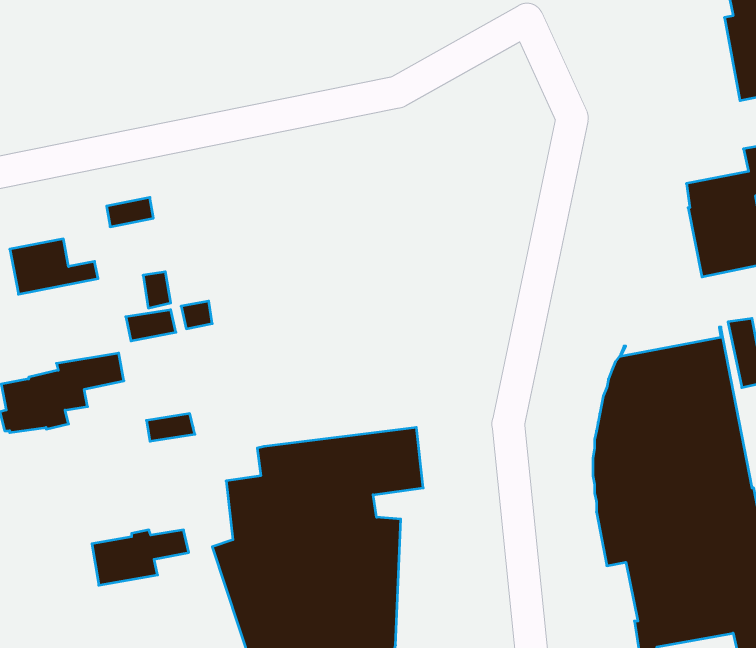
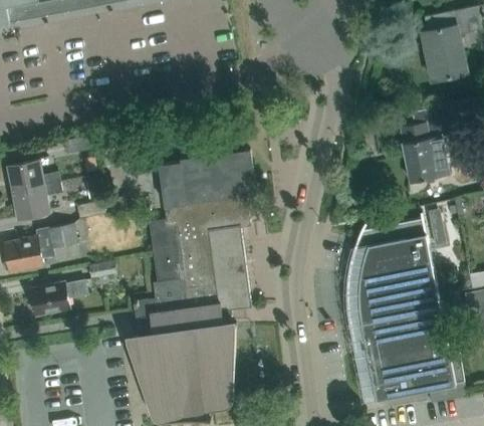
building: none -> [150,151,256,281]
building: none -> [14,184,62,218]
building: [92,530,189,585] -> [31,282,87,314]

